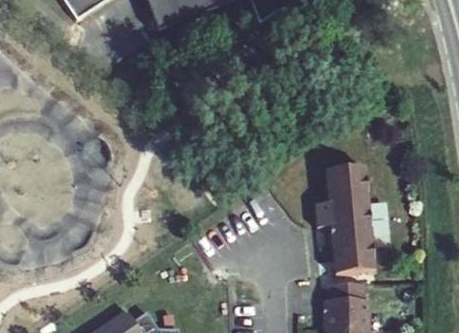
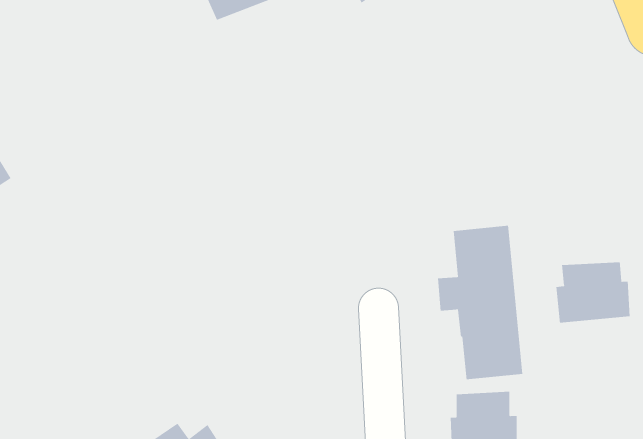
building: none -> [556,261,630,324]

